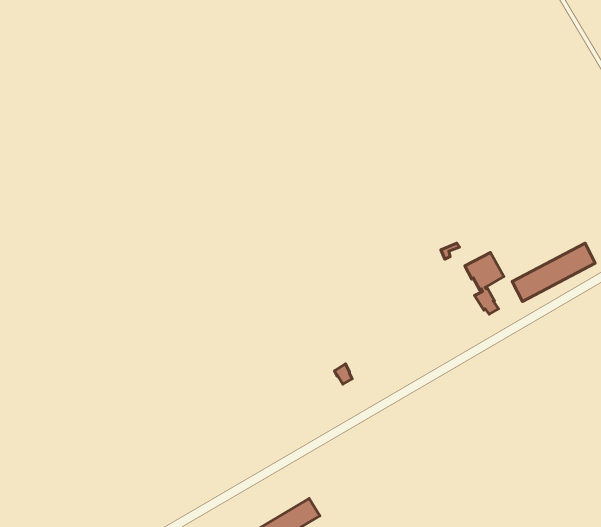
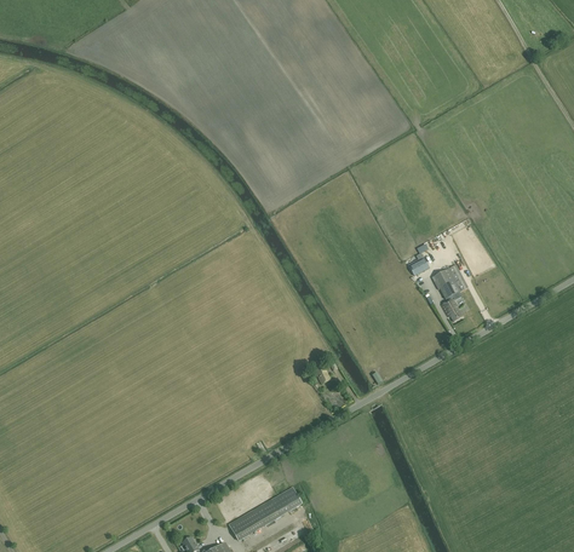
building: [512,243,595,302] -> none

